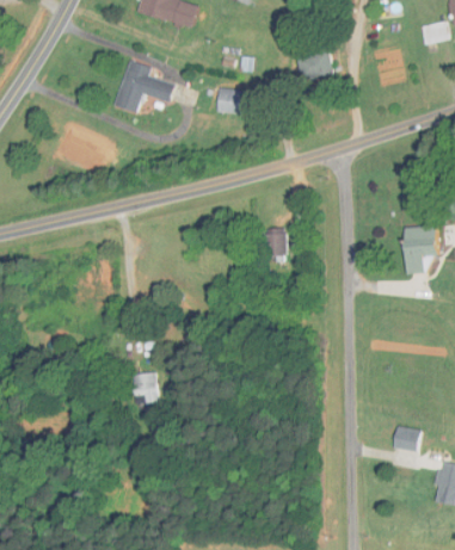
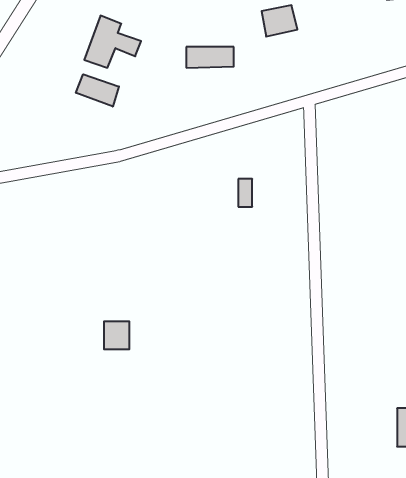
building: none -> [76,74,119,107]
building: [402,225,437,273] -> none
building: [394,427,422,450] -> none

